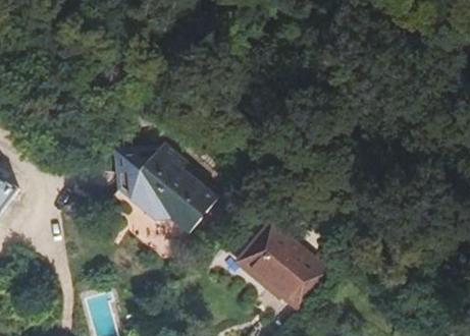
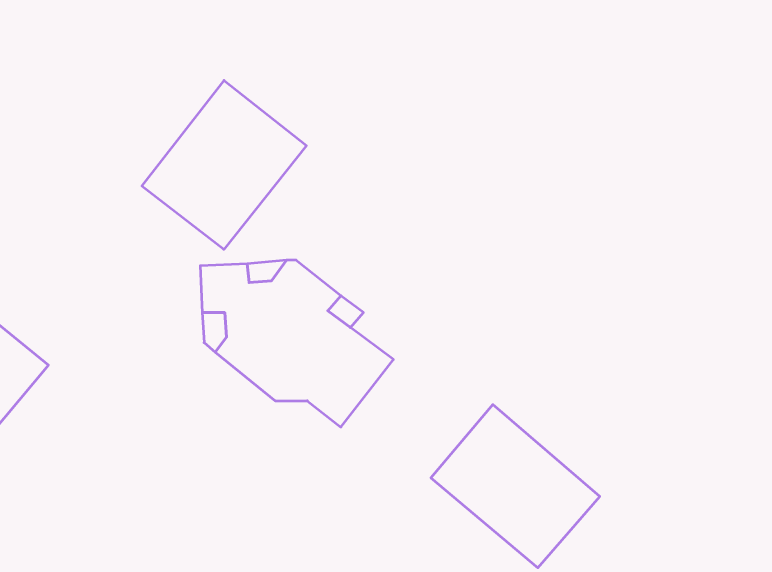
building: none -> [142,80,306,249]

